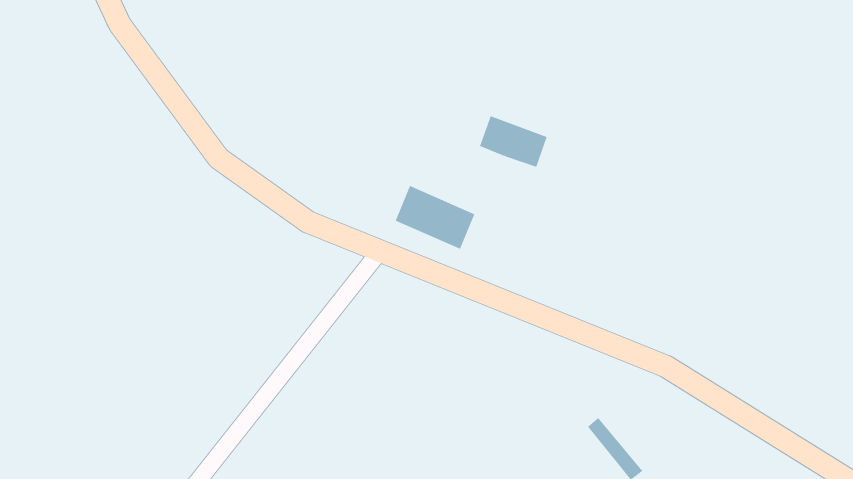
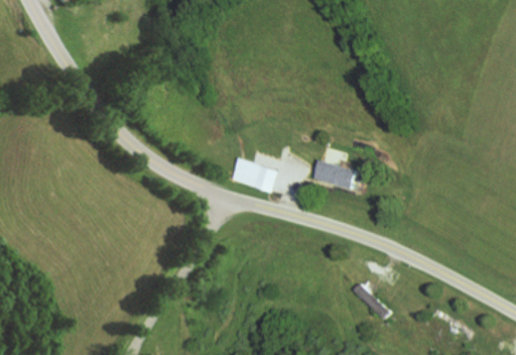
building: [479,115,548,167] -> [321,161,361,190]

